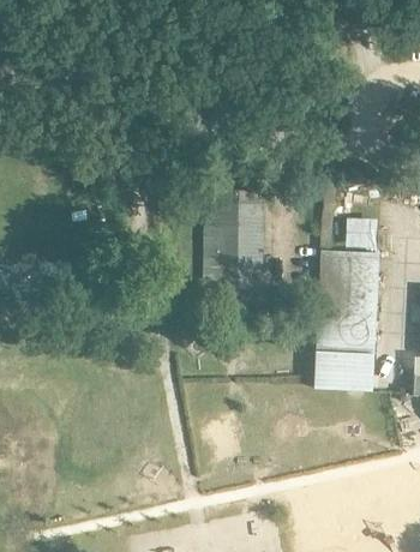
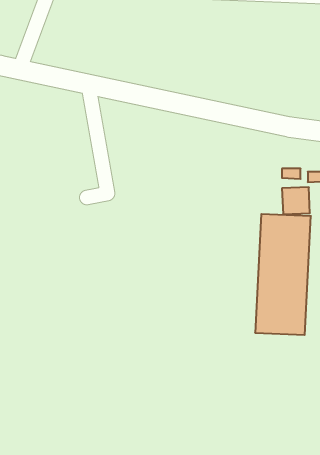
building: [203,191,264,288] -> none

